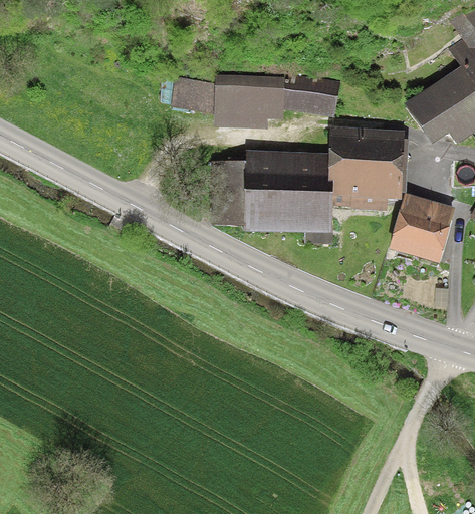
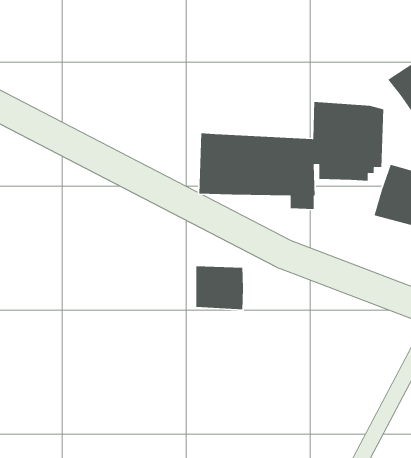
building: [172,74,338,115] -> none
building: none -> [196,265,244,310]

